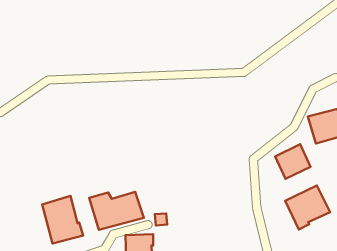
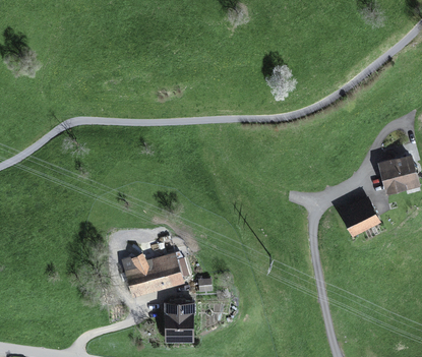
building: [285,186,330,229] -> none
building: [42,196,83,243] -> none

